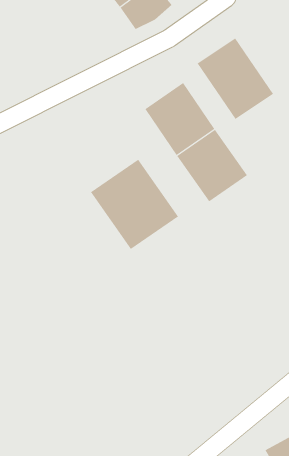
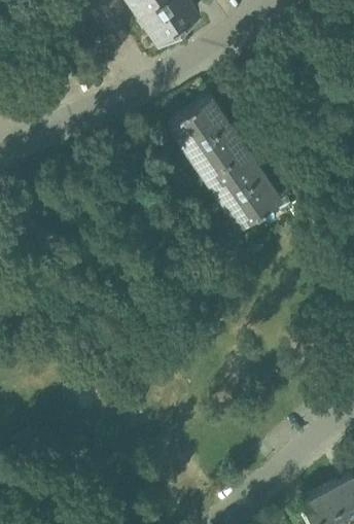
building: [197,37,274,120] -> none
building: [90,159,179,250] -> none

